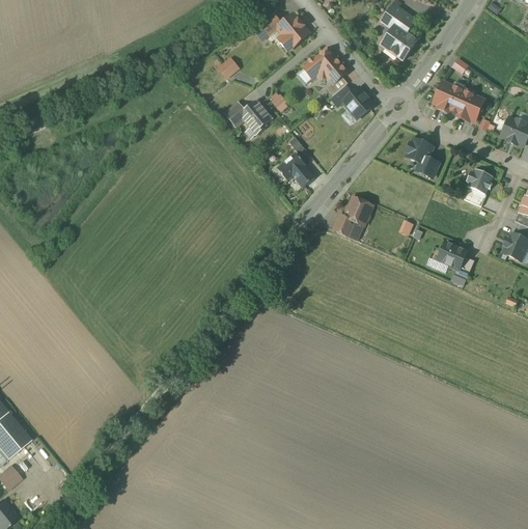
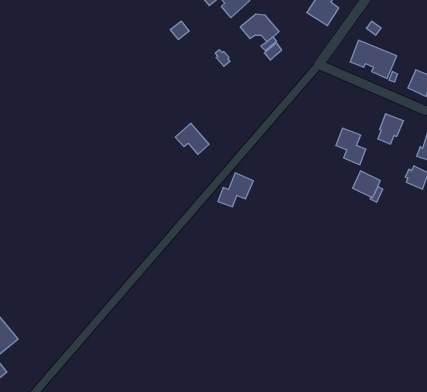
building: [341,86,371,117] -> none
building: [224,100,273,138] -> none
building: [405,137,441,180] -> [336,128,366,165]
building: [273,149,313,187] -> [175,123,209,154]
building: [332,195,374,235] -> [218,173,253,207]

